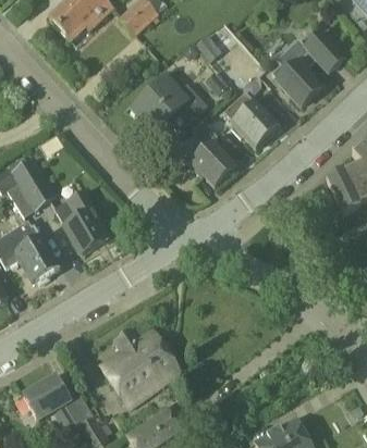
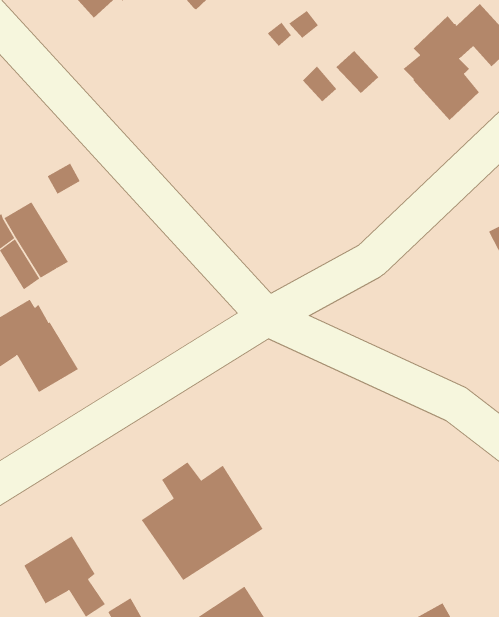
building: [133,76,208,129] -> none
building: [224,91,279,147] -> none
building: [179,120,235,185] -> none
building: [54,190,107,253] -> none

